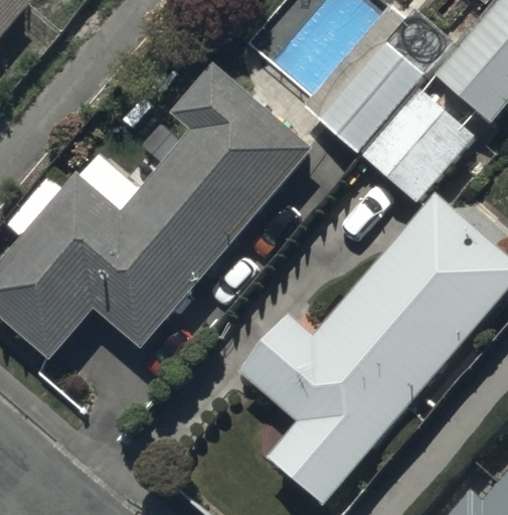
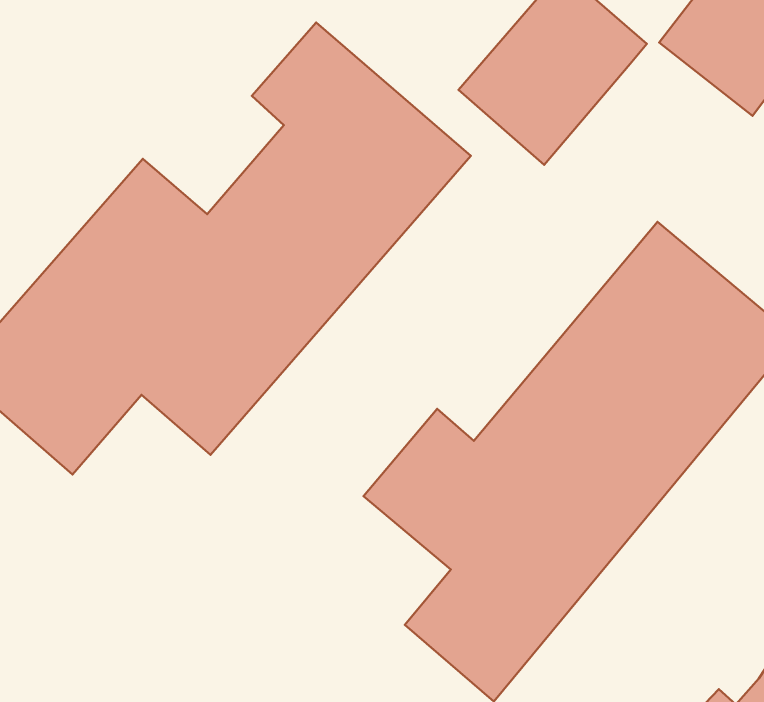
building: [360,89,474,203] -> none

